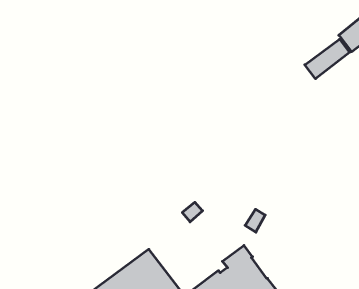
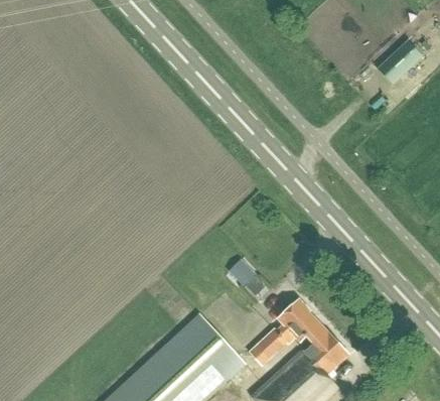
building: [305,39,350,79] -> none

